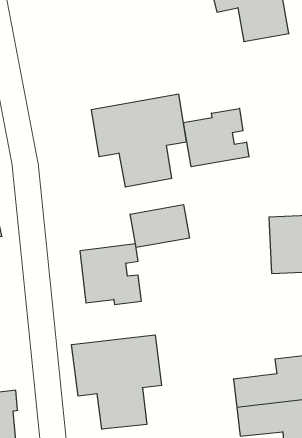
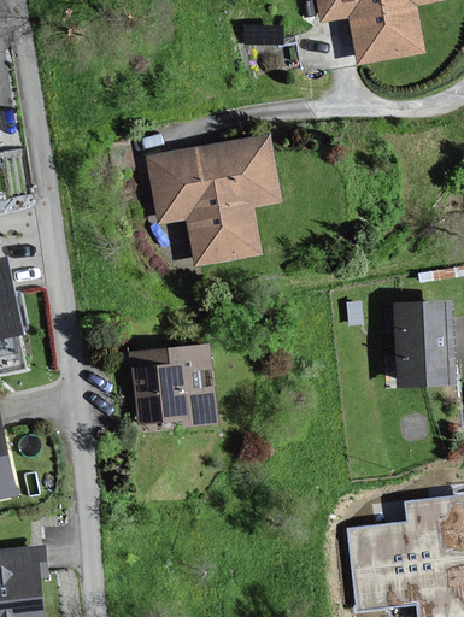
building: [183,108,249,167] -> none
building: [130,205,189,248] -> none
building: [71,335,162,429] -> none

